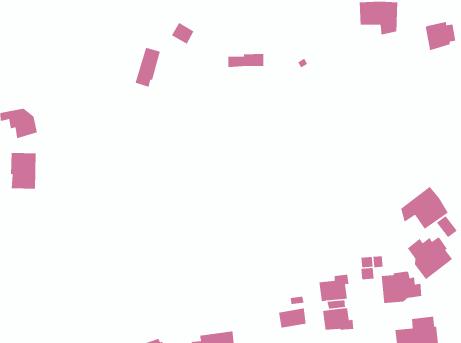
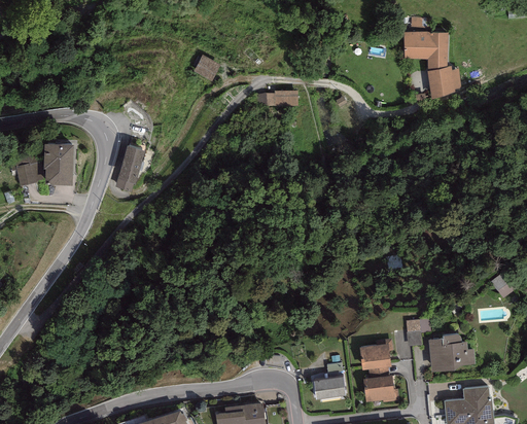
building: [425,21,456,51] -> [426,65,461,99]
building: [134,47,161,88] -> [114,145,144,191]
building: [10,152,37,190] -> [43,143,73,185]
building: [400,186,449,230] -> none
building: [407,237,453,280] -> none

